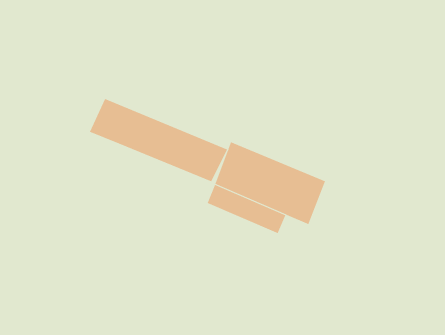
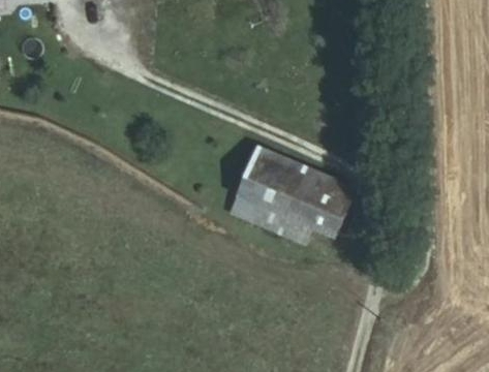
building: [89,98,228,182] -> none

